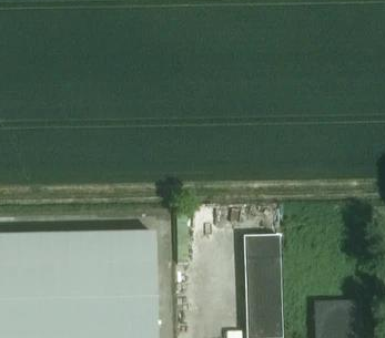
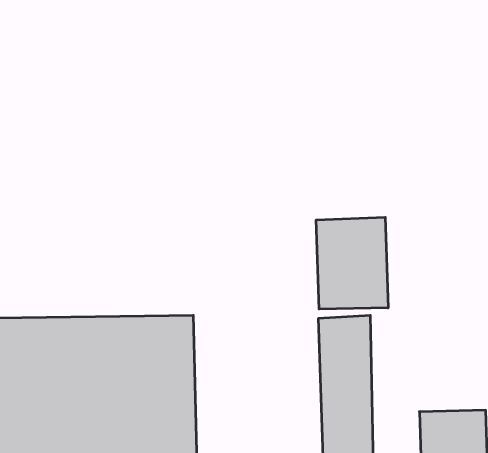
building: none -> [316,217,388,309]

